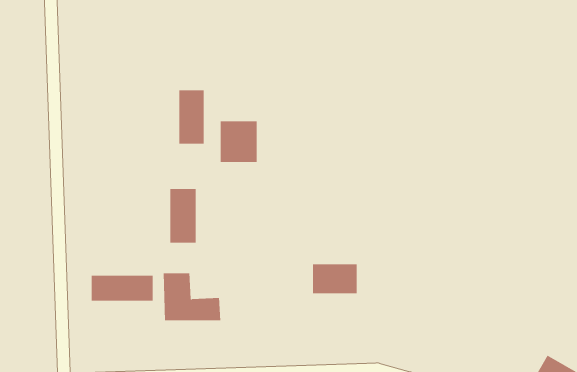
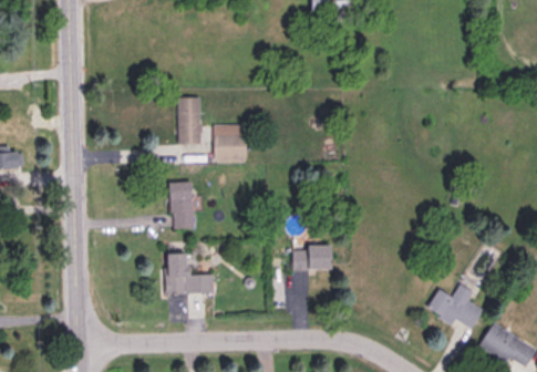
building: [91,275,153,302] -> none
building: none -> [426,286,483,330]

